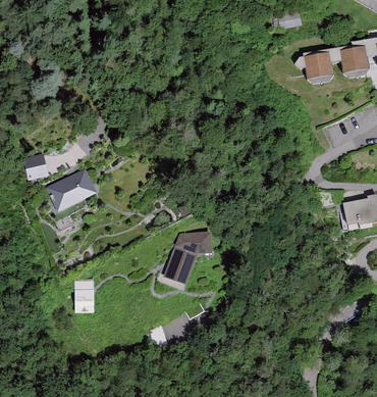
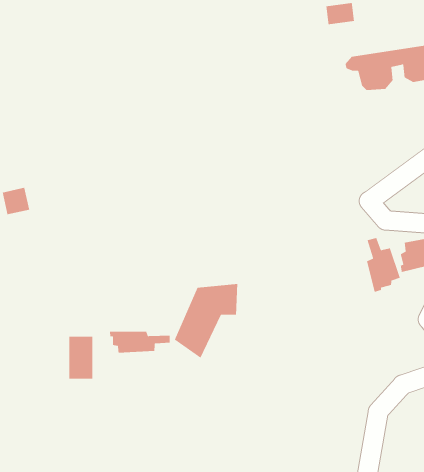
building: [46,171,97,212] -> none
building: none -> [366,237,401,293]
building: none -> [109,331,171,353]

